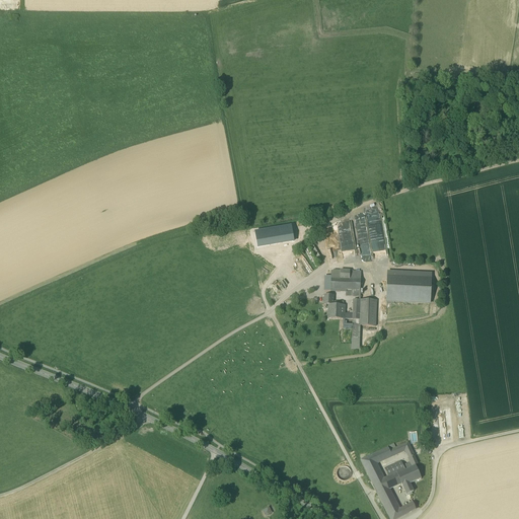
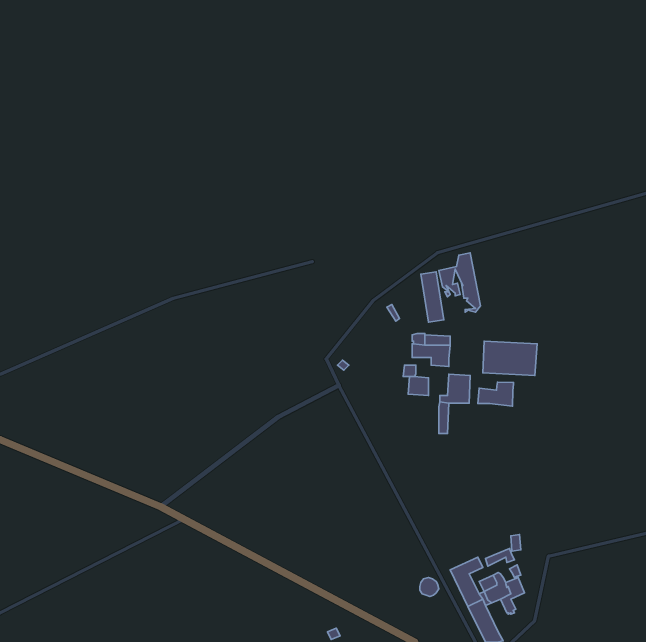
building: [255,224,294,244] -> none
building: none -> [478,382,514,406]

